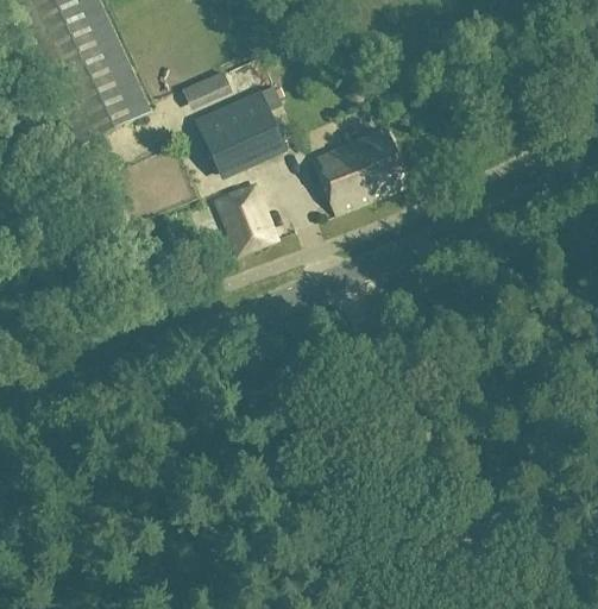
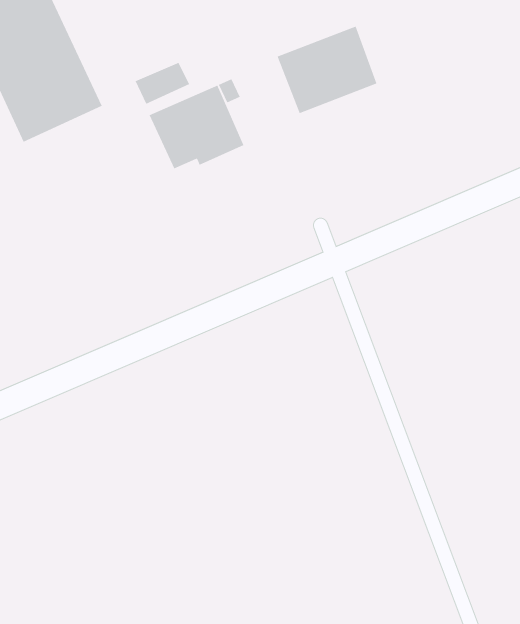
building: [313,130,408,213] -> [276,26,378,114]
building: [215,183,277,253] -> none

